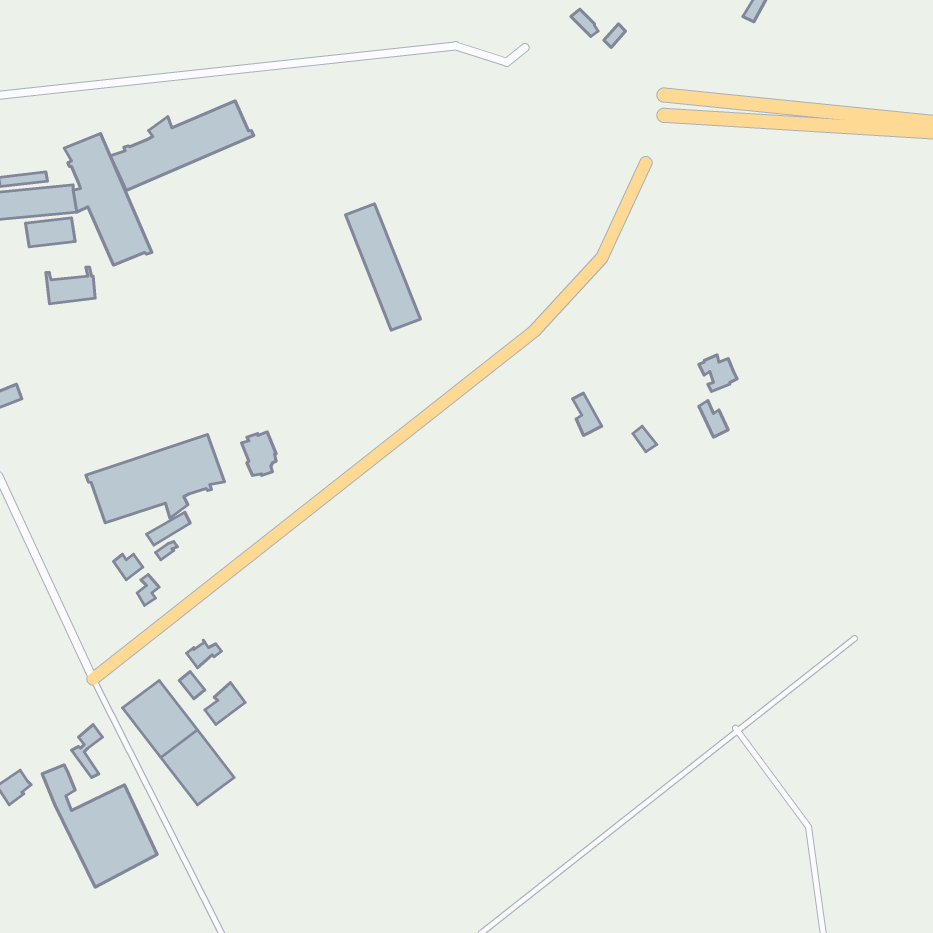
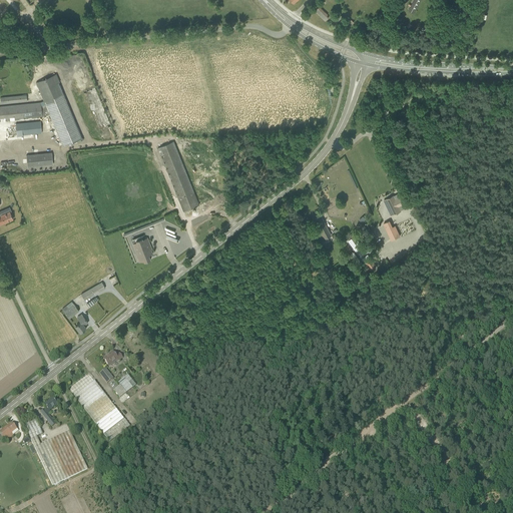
building: [110,101,254,190] -> none
building: [345,204,420,330] -> [157,141,198,210]
building: [86,435,224,523] -> none

